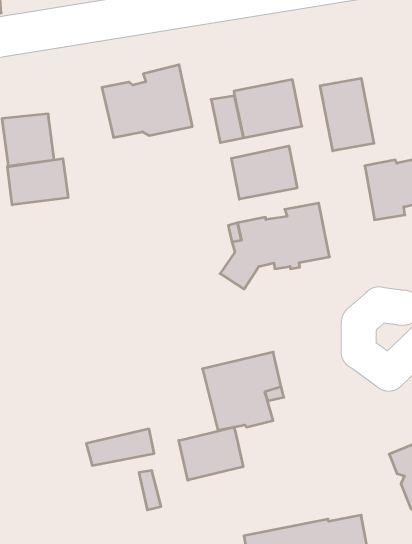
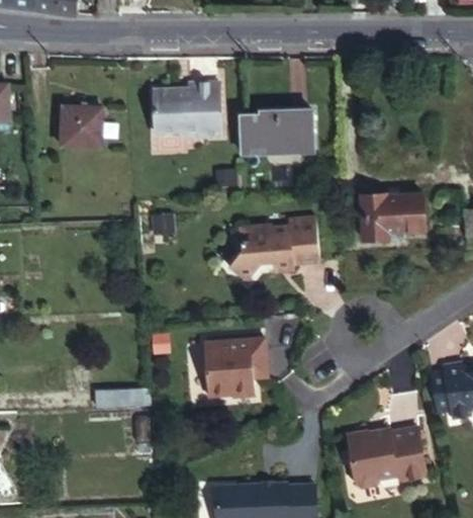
building: [320,78,374,151] -> none
building: [231,146,297,199] -> none
building: [7,159,68,205] -> none
building: [179,427,243,480] -> none

